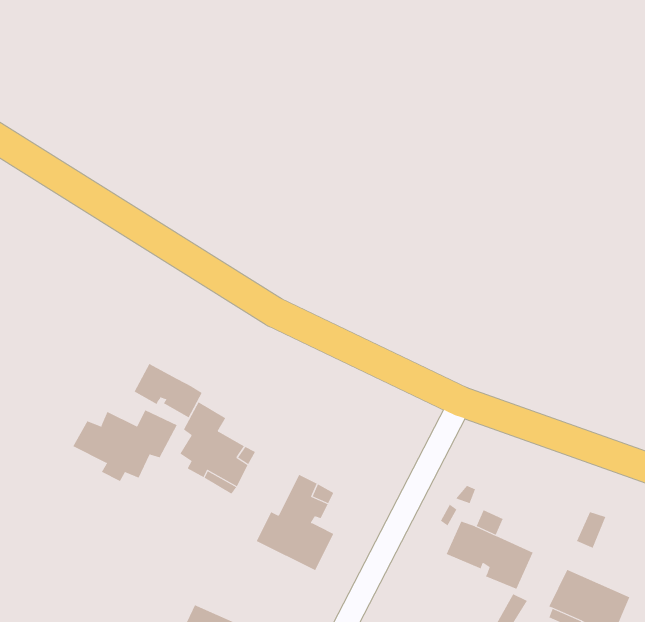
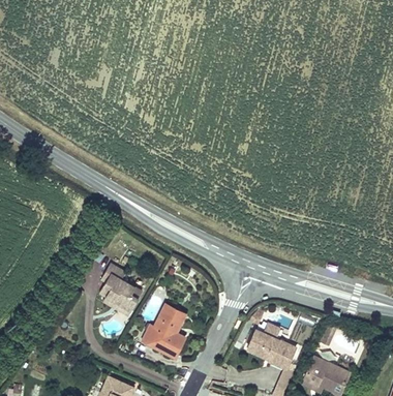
building: [134,363,203,418] -> none
building: [72,410,178,482] -> none

